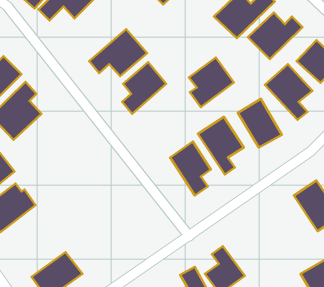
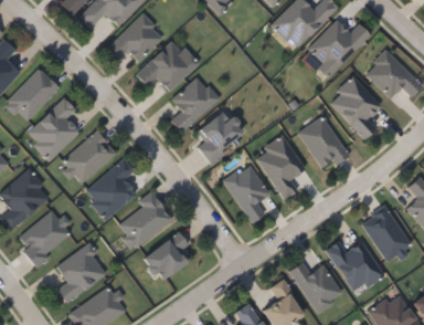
building: none -> [105,12,163,62]
building: [189,58,234,107] -> [197,107,246,162]
building: none -> [61,129,116,184]
building: none -> [83,157,137,219]
building: none -> [116,190,171,248]
building: none -> [142,231,187,280]
building: none -> [325,240,383,293]
building: none -> [55,243,107,302]
building: none -> [289,261,342,312]

